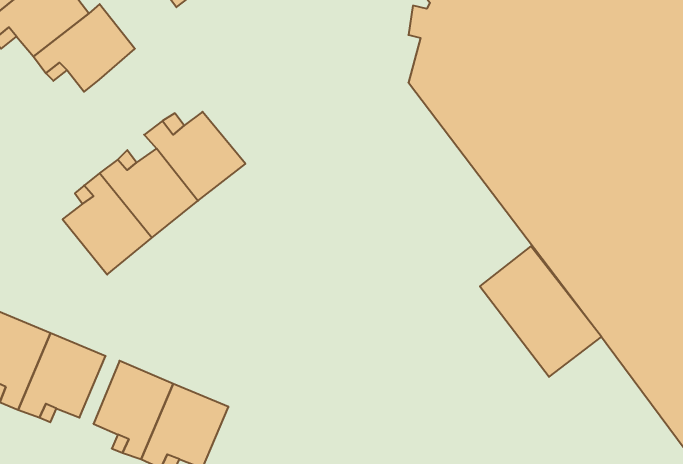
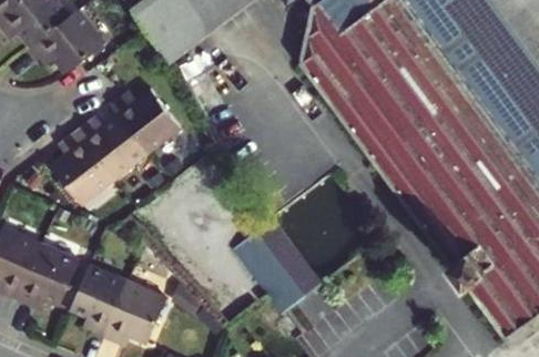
building: [480,246,601,377] -> [237,218,325,313]

